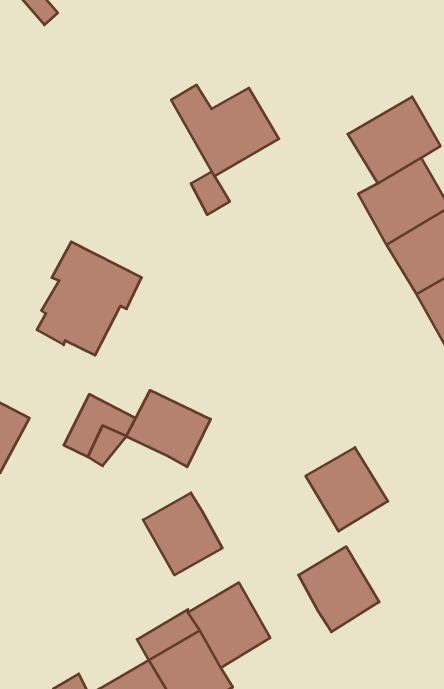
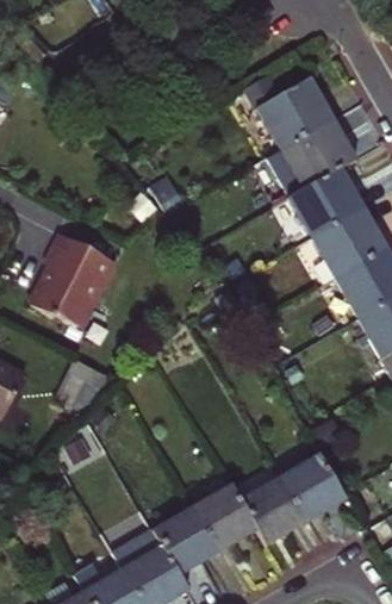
building: [171,85,279,176] -> [245,75,331,148]
building: [126,390,211,467] -> none
building: [306,447,388,531] -> [279,454,344,521]
building: [143,493,222,575] -> [193,484,256,549]

